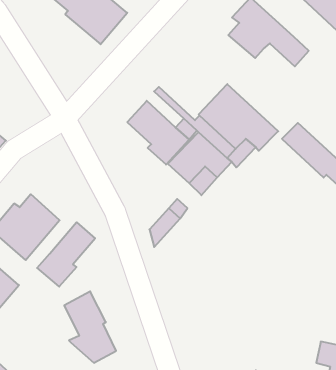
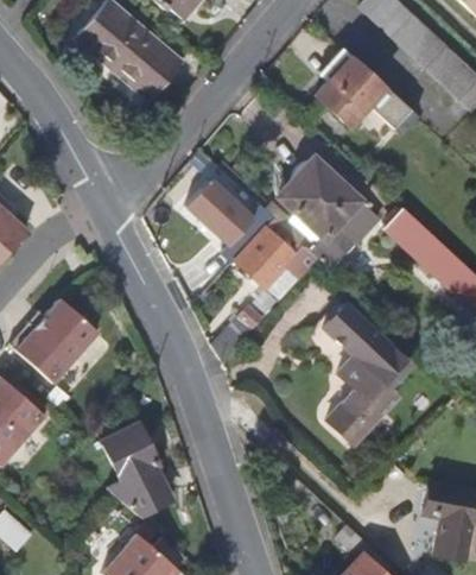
building: none -> [323,304,407,444]
building: [37,222,95,287] -> none

